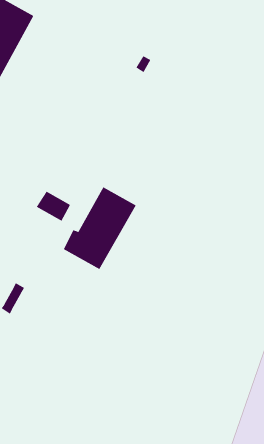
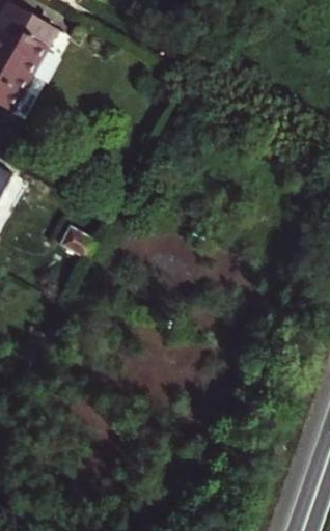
building: [63,187,137,270] -> none

